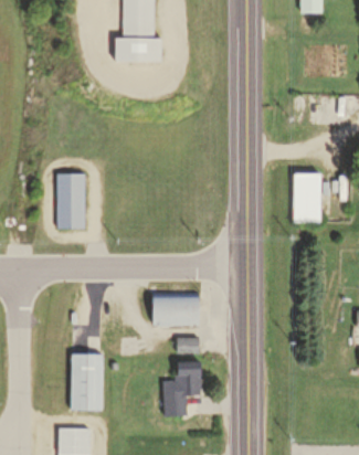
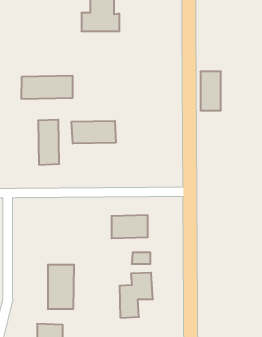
building: none -> [22,76,73,99]
building: [294,172,319,221] -> [200,72,221,110]
building: none -> [72,121,116,144]

